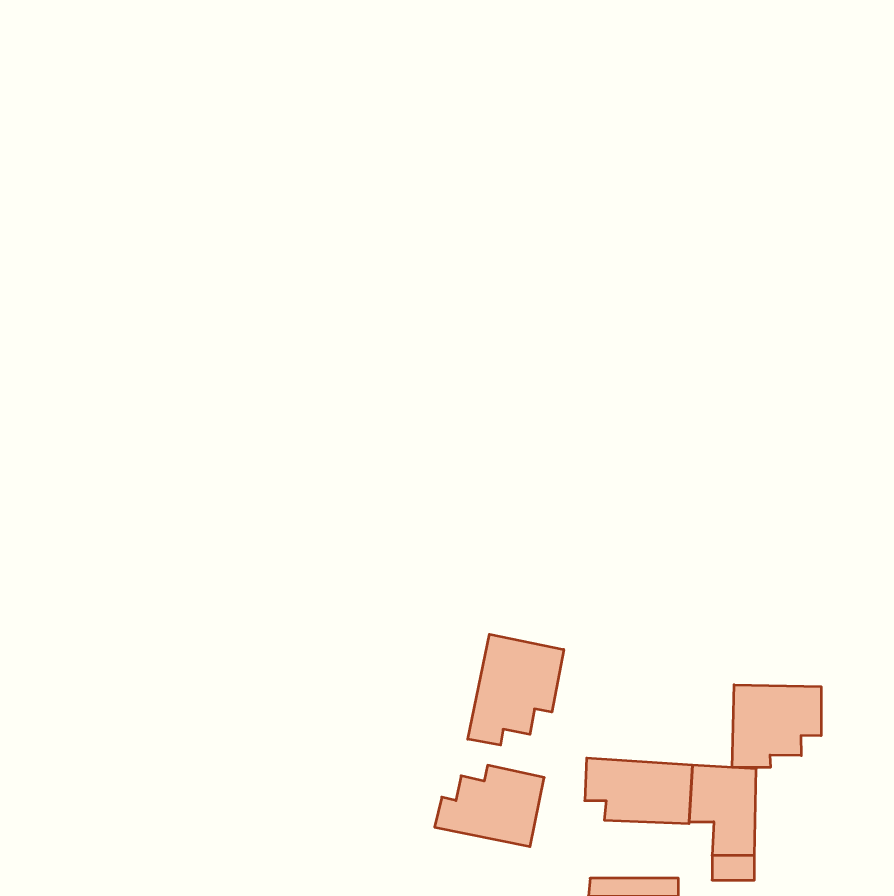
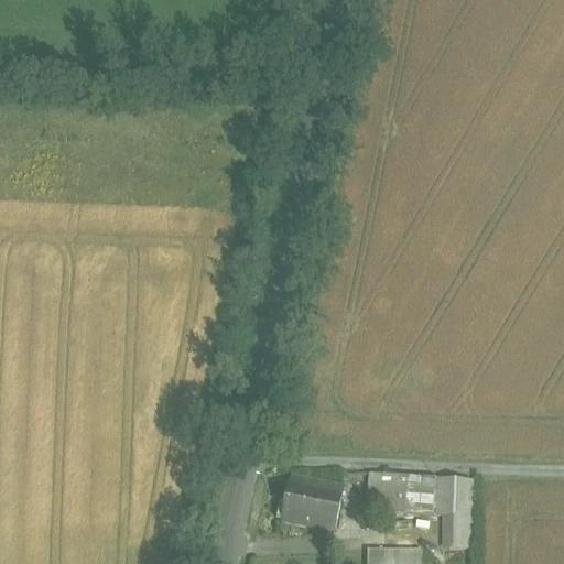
building: [468,634,564,745] -> none
building: [732,685,821,767] -> none

